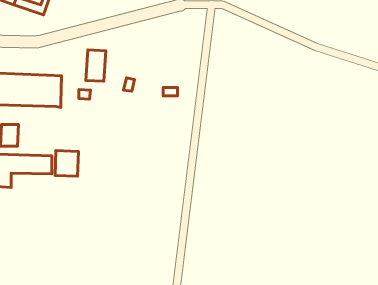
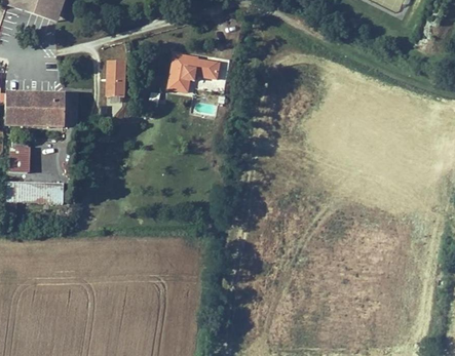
building: none -> [167,53,219,92]
building: [55,151,78,176] -> none

